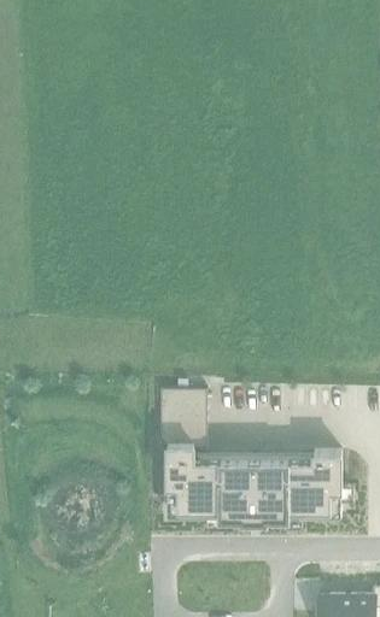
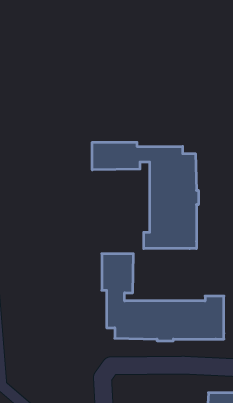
building: none -> [92,142,198,249]

